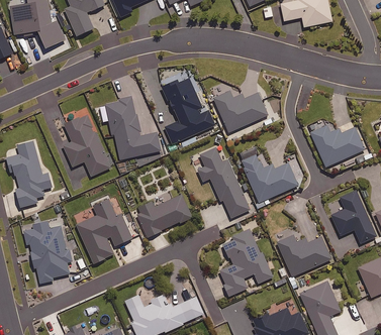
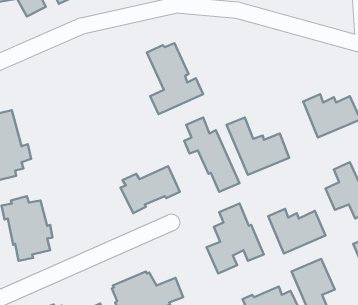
building: [213,90,268,131] -> none
building: [99,95,161,159] -> none
building: [63,113,110,175] -> none
building: [76,197,131,262] -> none

